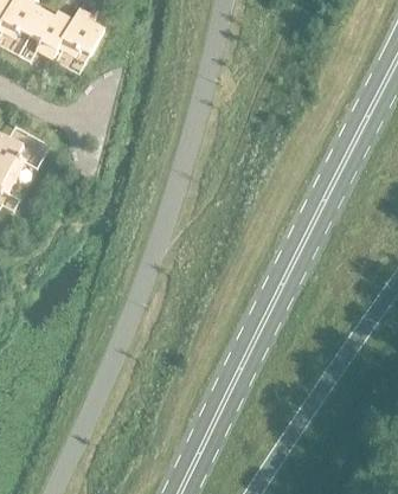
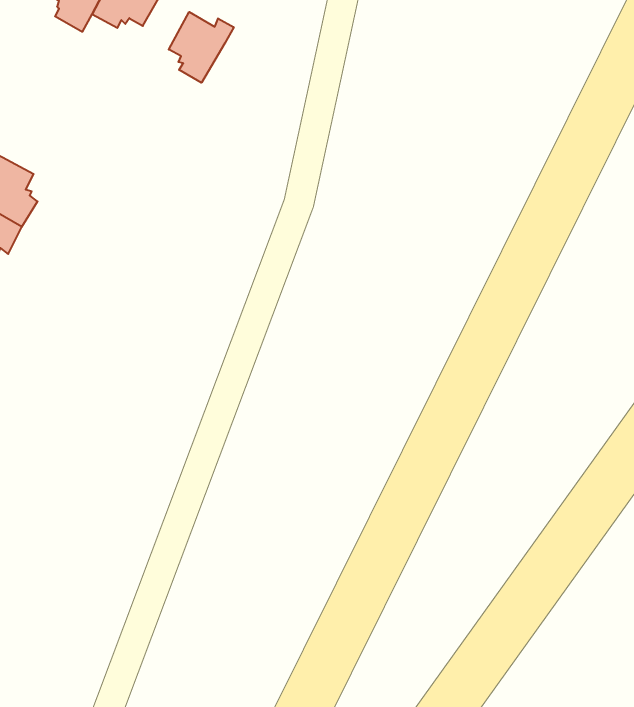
building: none -> [169,12,234,83]

